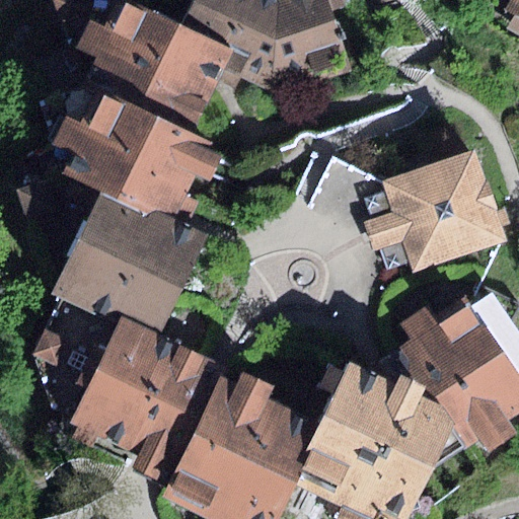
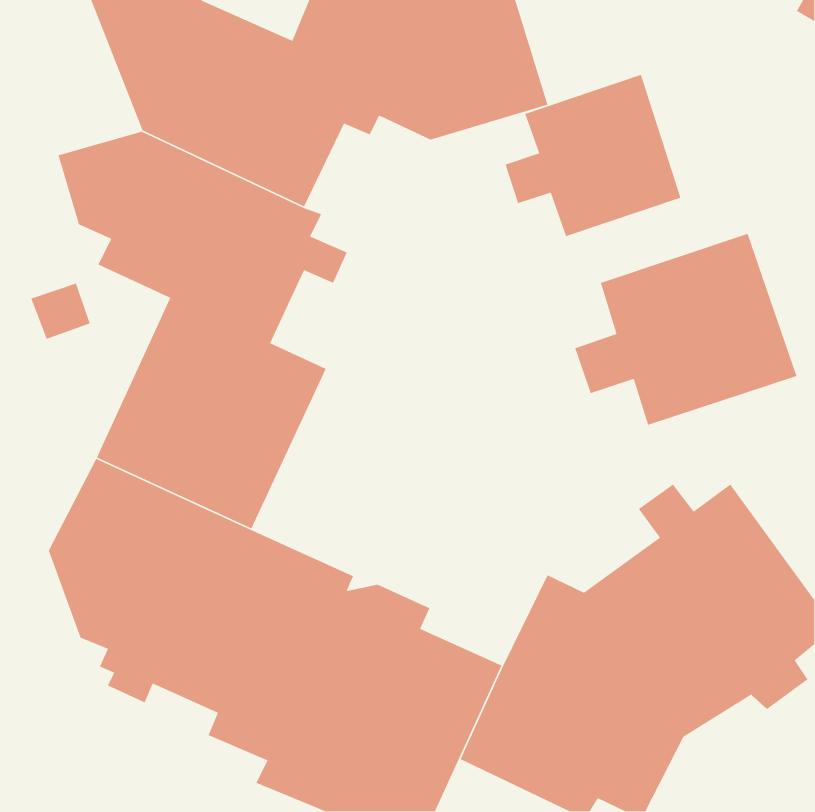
building: none -> [505,74,682,237]

